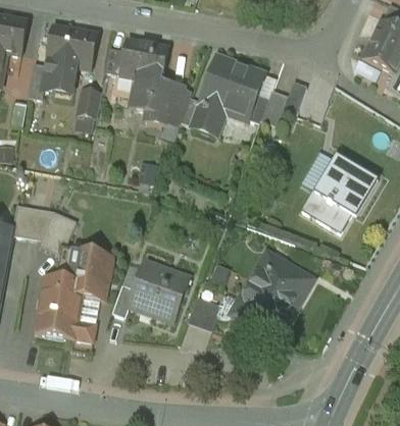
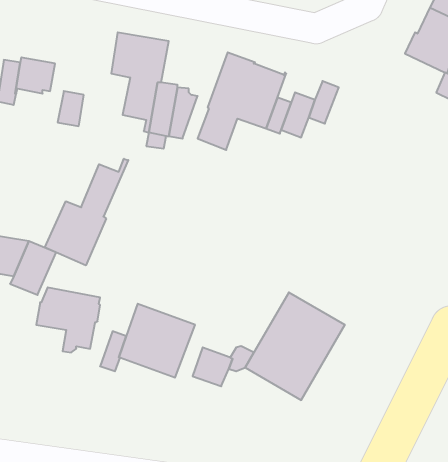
building: [46,24,98,67] -> none
building: none -> [45,159,128,265]
building: [301,155,378,231] -> none
building: [35,274,96,353] -> none

